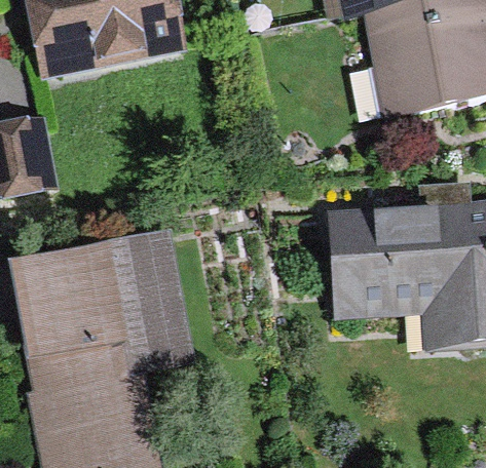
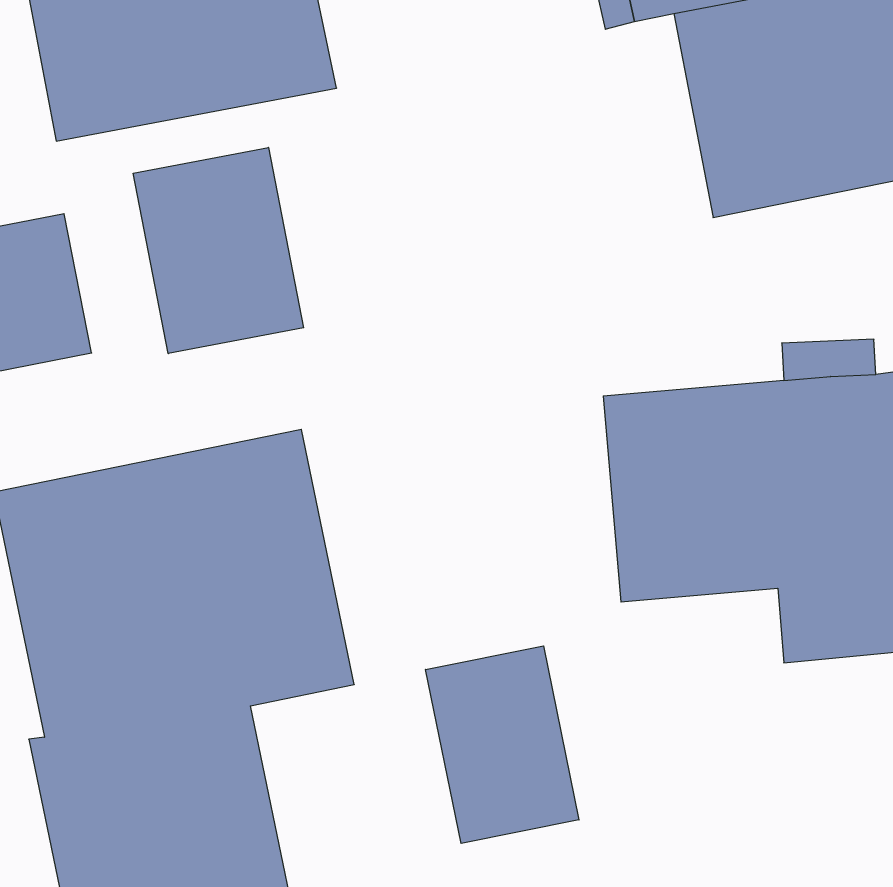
building: none -> [133,147,304,354]
building: none -> [426,646,579,843]

